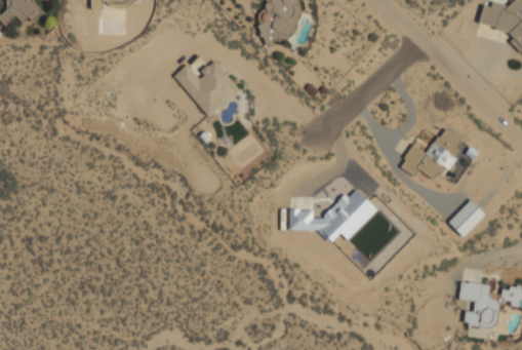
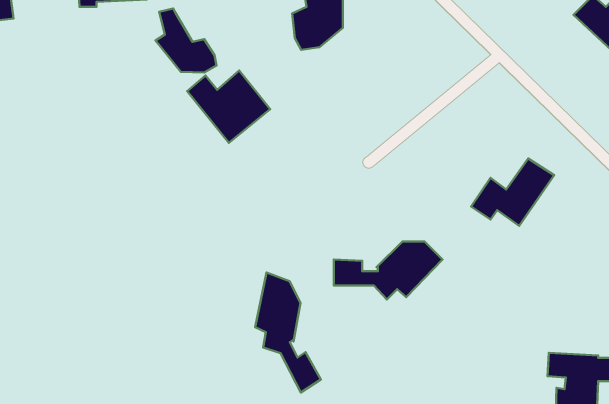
building: none -> [156,8,216,73]
building: [448,199,485,235] -> none
building: none -> [255,273,321,393]

